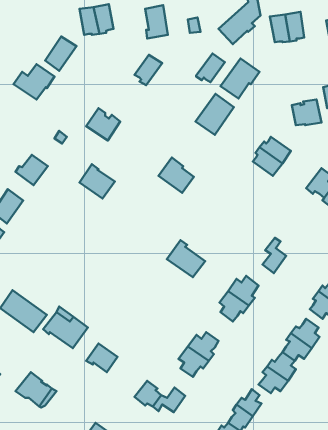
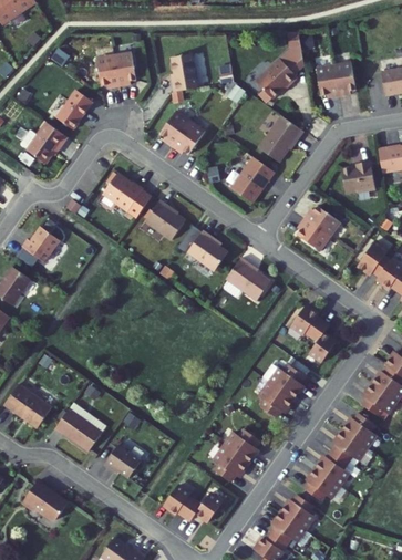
building: [196,54,225,82] -> [173,120,206,153]
building: [80,164,115,199] -> [145,199,186,239]
building: none -> [291,305,322,336]
building: [167,240,205,277] -> [226,257,270,300]

